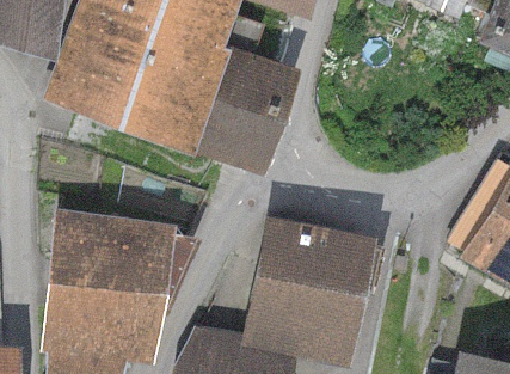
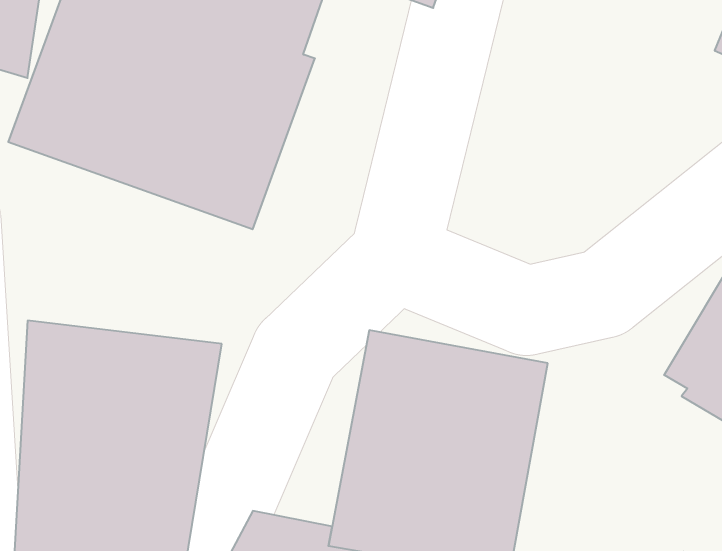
building: [195,48,300,177] -> none

